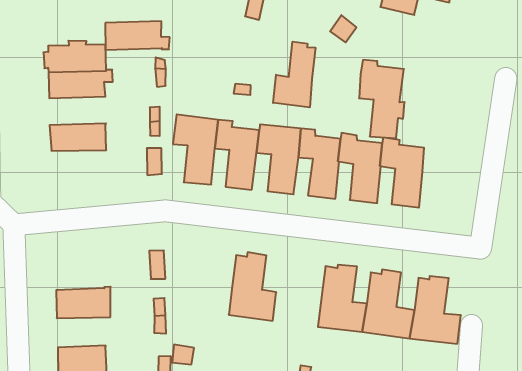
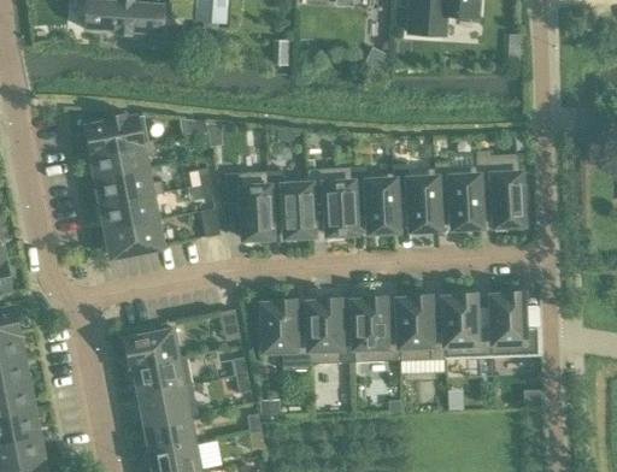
building: [105,21,170,50] -> [95,167,163,205]
building: [273,42,315,107] -> none
building: [359,60,405,138] -> [475,151,524,226]
building: none -> [106,220,165,256]
building: none -> [257,300,308,371]
building: none -> [123,328,181,368]
building: none -> [351,296,399,362]
building: none -> [139,385,198,424]

